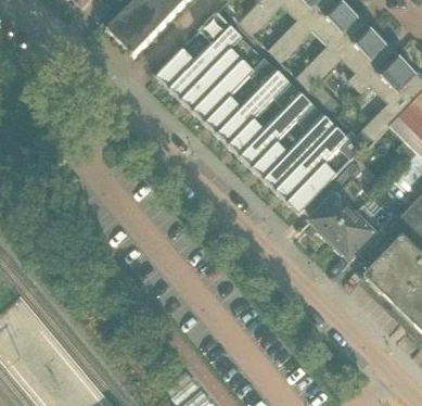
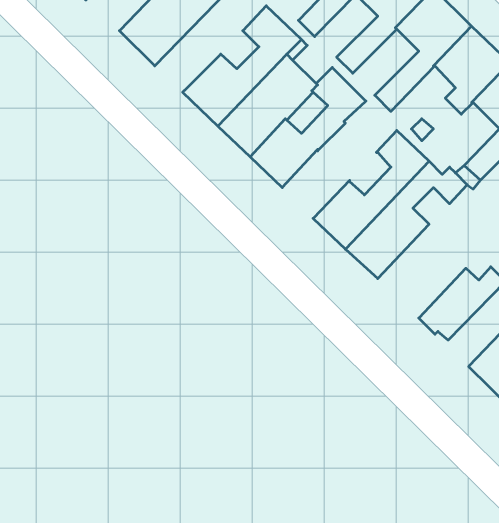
building: [228,80,312,167] -> none
building: [311,161,363,241] -> none

